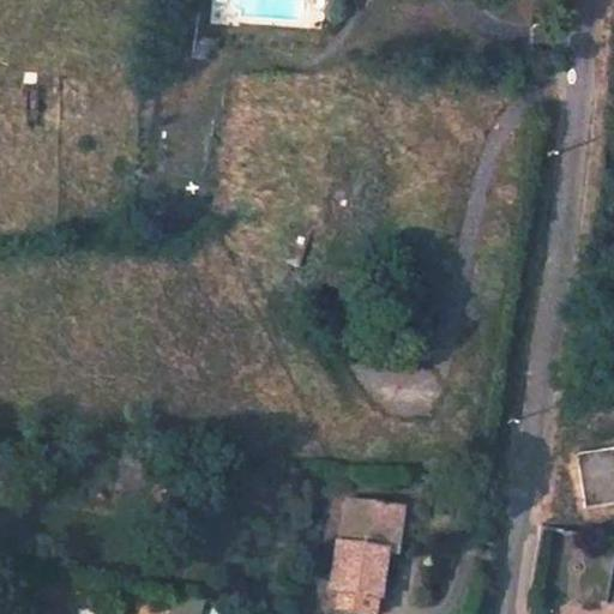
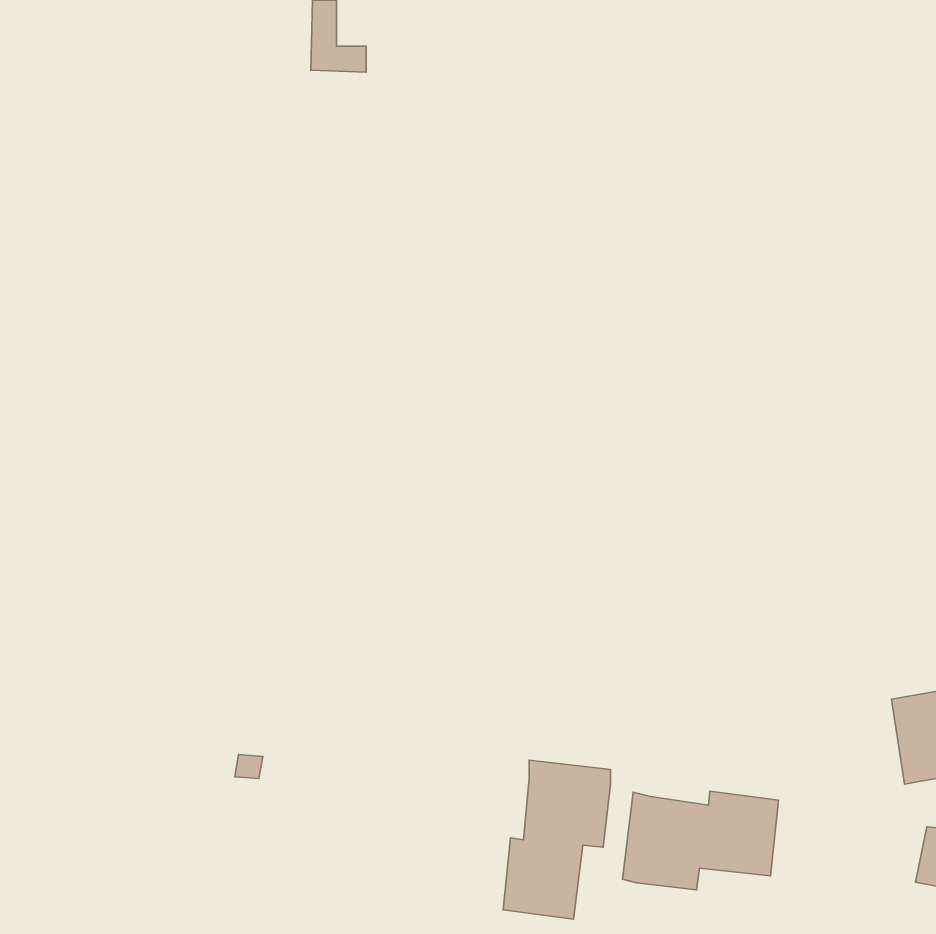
building: none -> [623,791,779,890]

